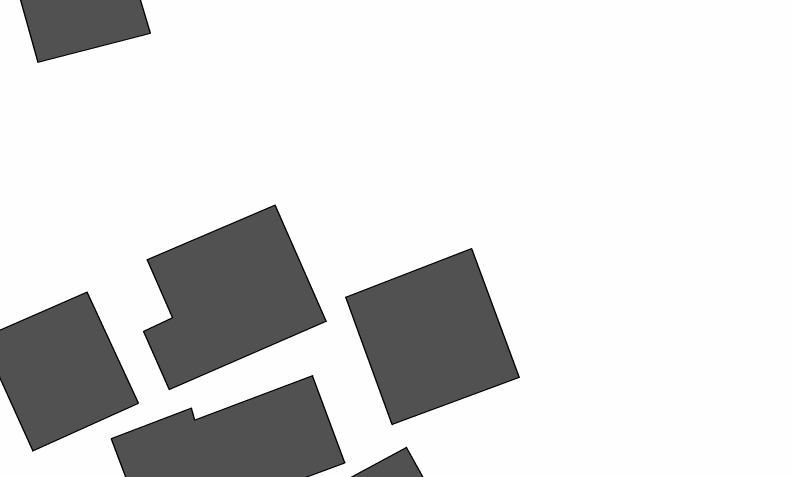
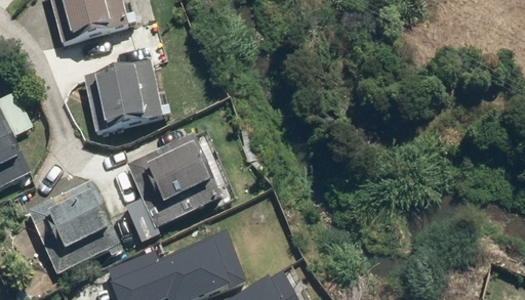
building: none -> [84,60,164,130]
building: [346,249,519,425] -> none

